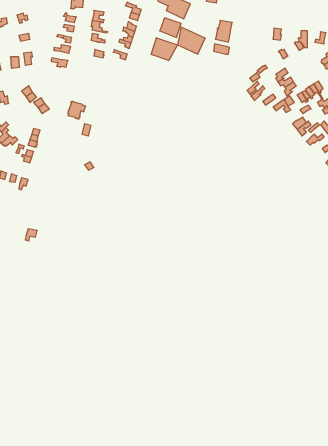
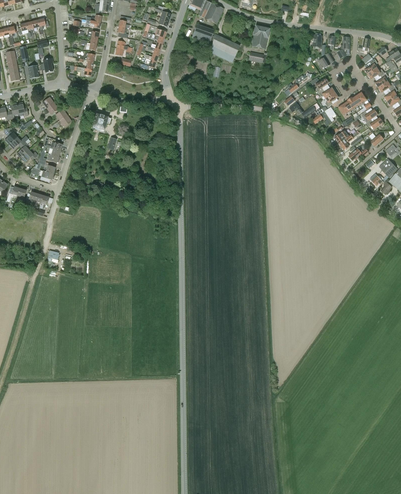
building: [151,38,177,61] -> none

